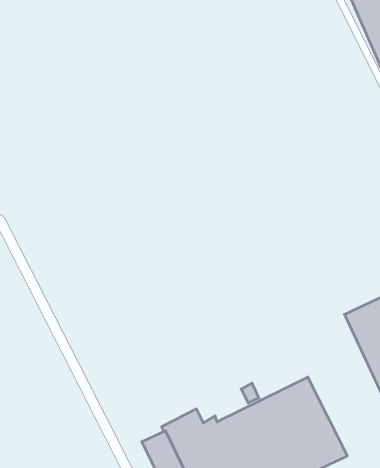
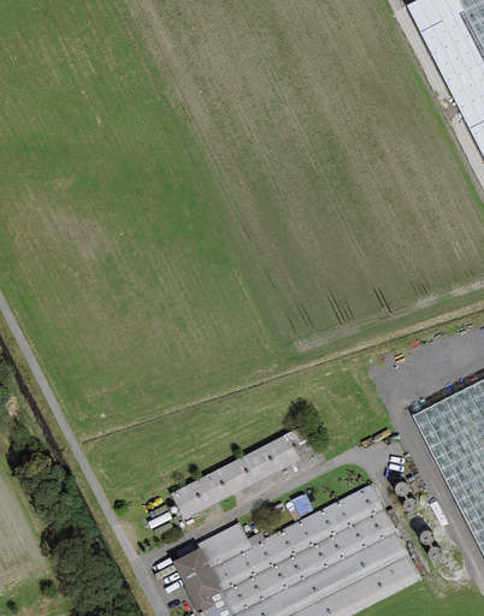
building: none -> [170,427,314,521]

